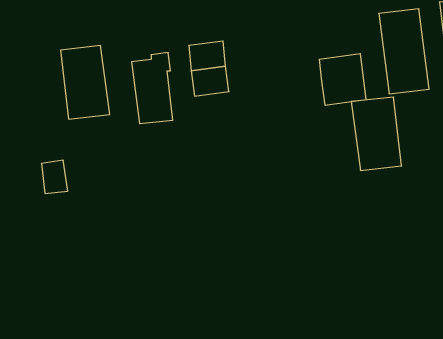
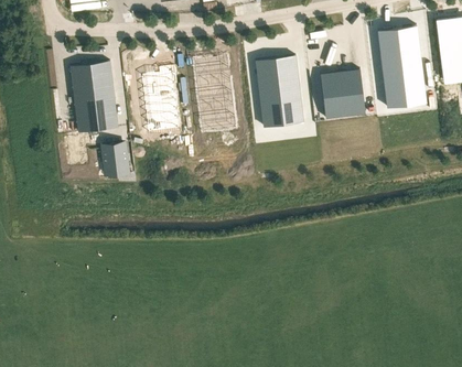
building: none -> [200,106,236,134]
building: [351,97,402,170] -> [255,56,303,127]
building: [41,160,68,193] -> [103,143,128,175]

